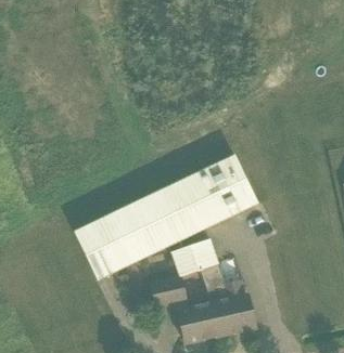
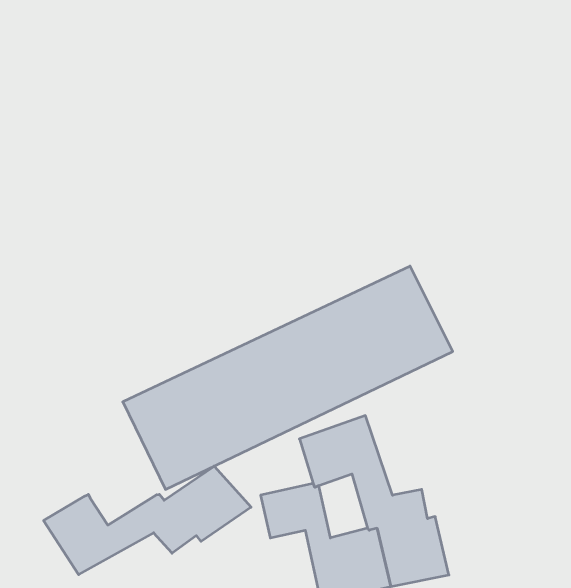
building: none -> [44,466,251,575]

